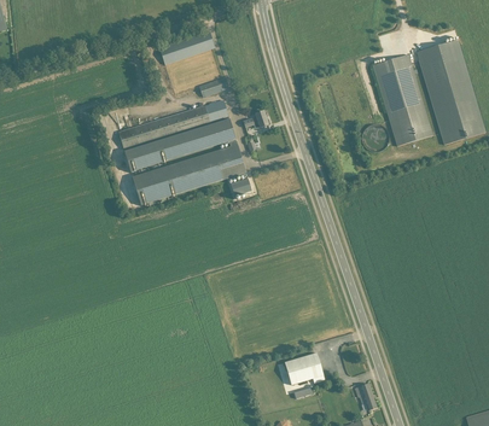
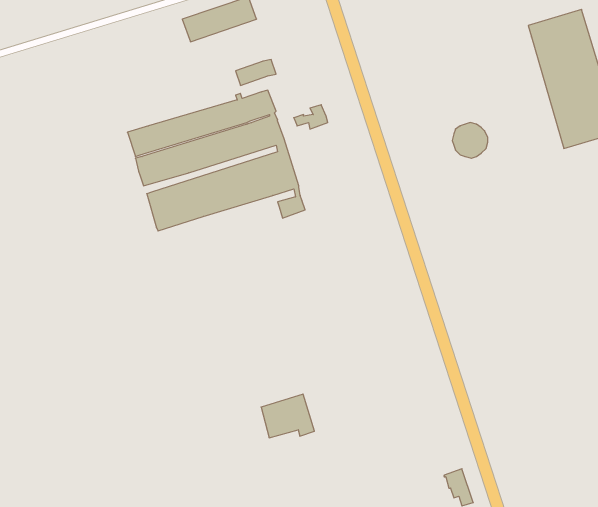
building: [372,54,431,146] -> none
building: [284,352,324,385] -> [261,394,314,438]

